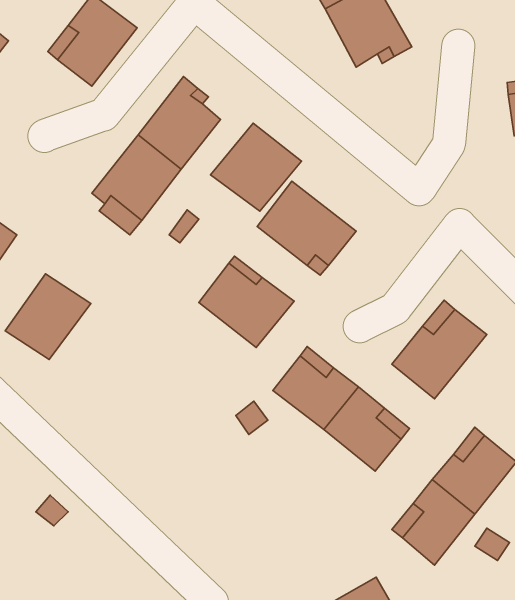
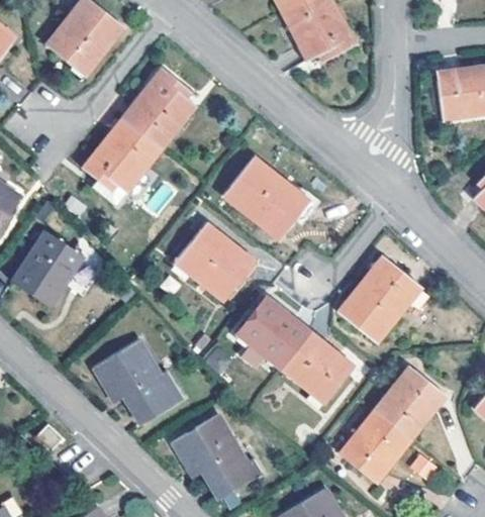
building: [211,123,302,211] -> none
building: none -> [93,342,185,425]
building: none -> [174,419,264,503]

